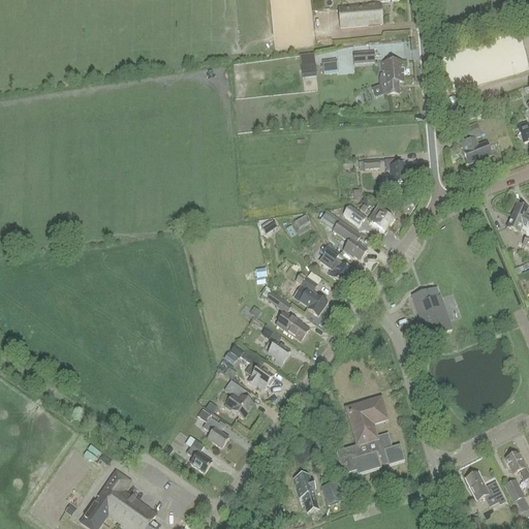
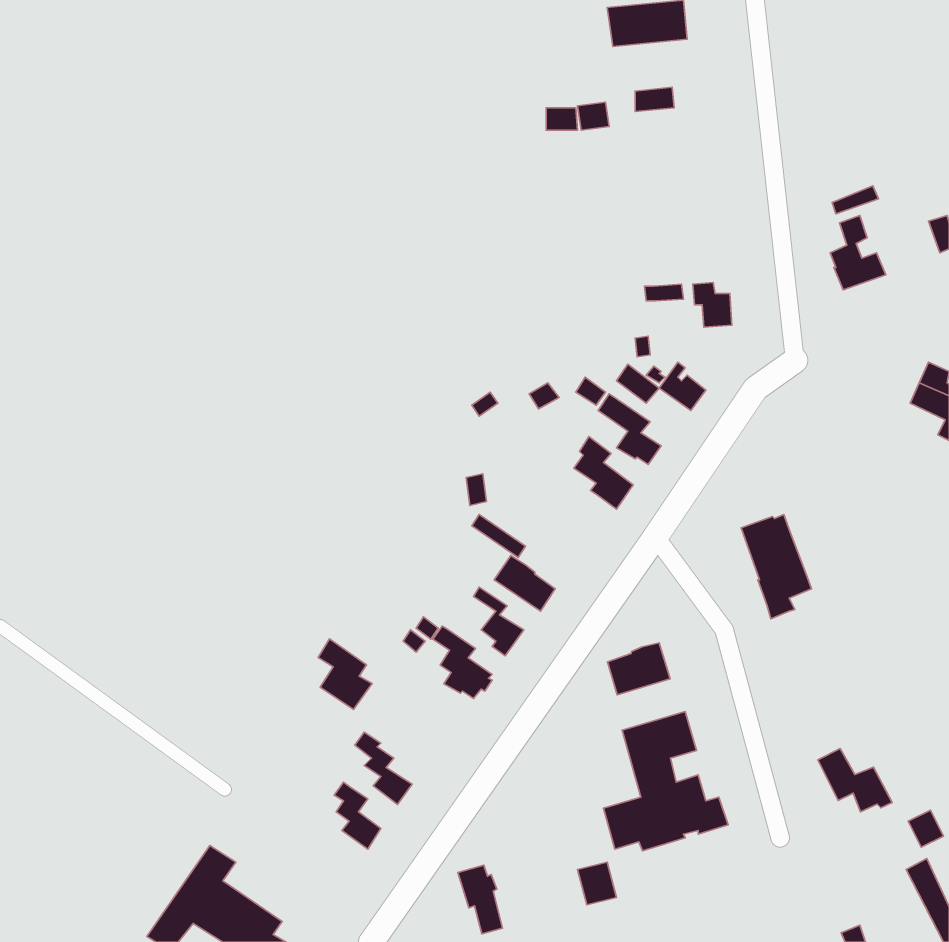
building: [371,58,404,95] -> none
building: [300,276,328,315] -> none
building: none -> [607,643,670,695]
building: [224,378,254,417] -> [318,639,372,709]
building: [465,470,506,505] -> [818,749,892,812]
building: [293,473,318,511] -> [458,865,502,934]

